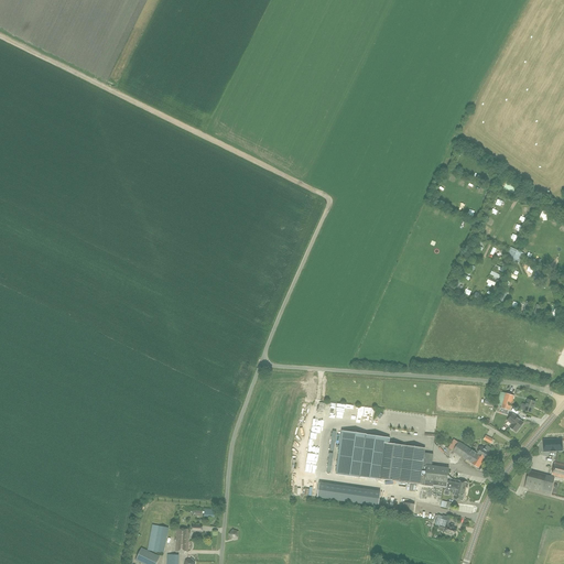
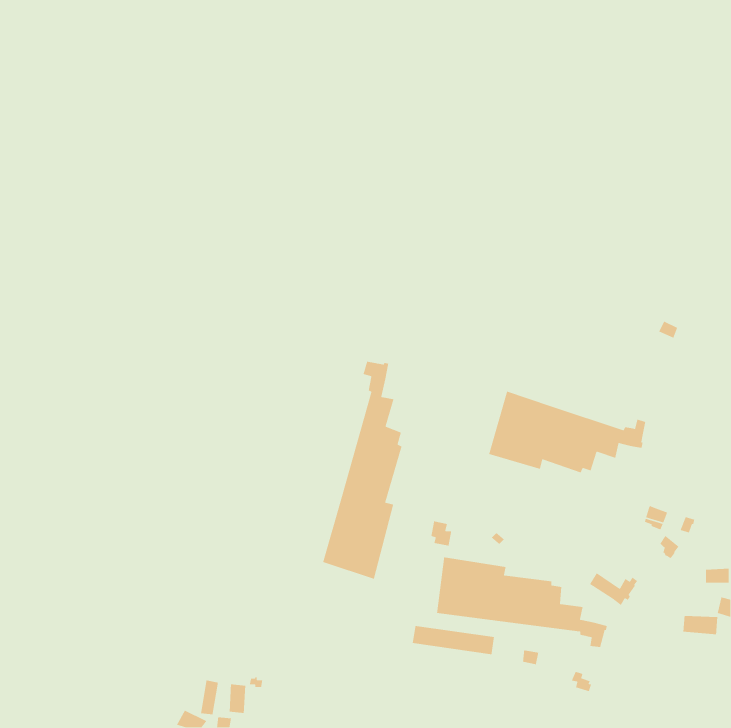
building: none -> [322,361,402,580]
building: none -> [488,390,646,473]

